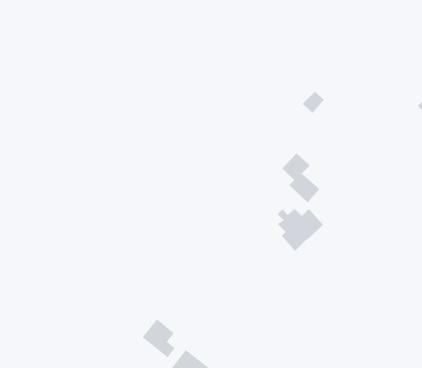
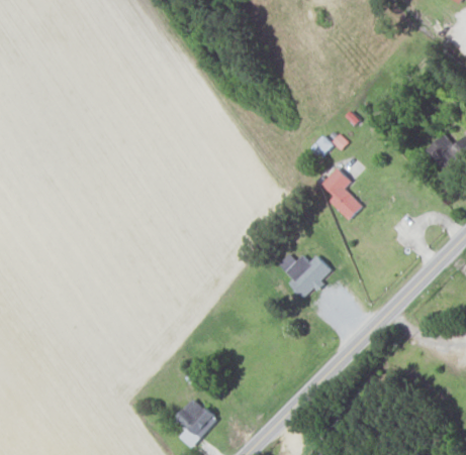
building: [282,152,320,203] -> [322,167,362,219]
building: [142,318,175,358] -> none

